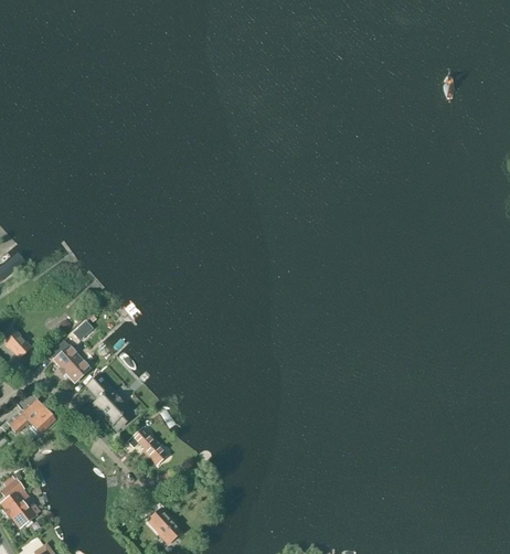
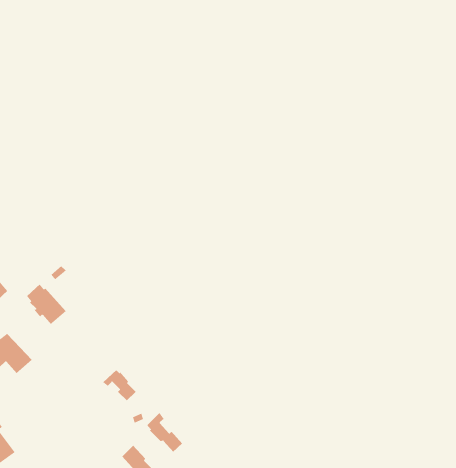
building: [89,375,131,427] -> none
building: none -> [146,412,183,452]

